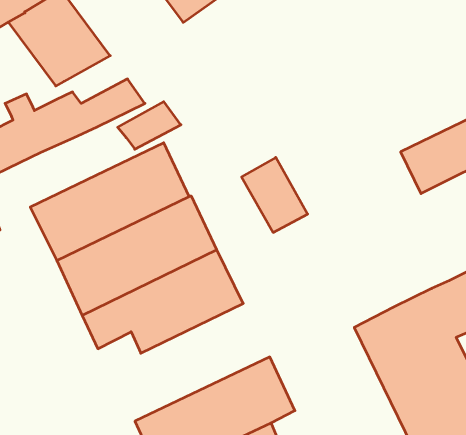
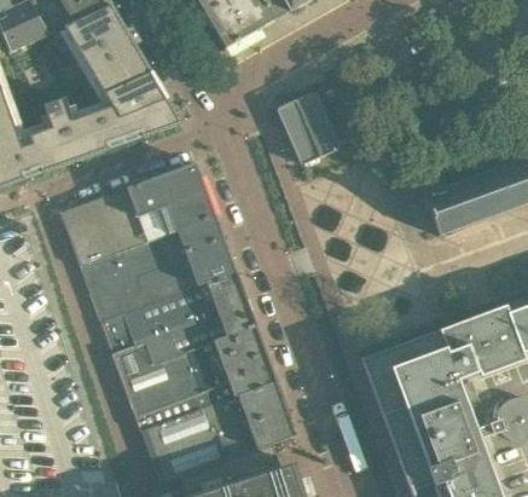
building: [118,102,181,149] -> [104,73,166,116]
building: [242,157,308,232] -> [278,91,338,163]
building: none -> [111,325,277,429]

